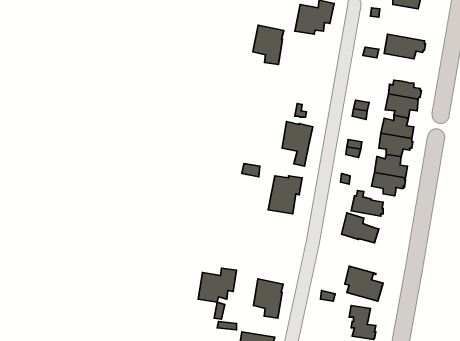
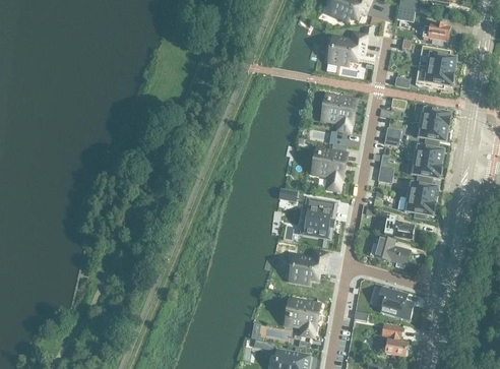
building: none -> [417,44,454,70]
building: [253,25,284,65] -> [324,94,354,131]
building: [198,268,236,302] -> [290,250,326,283]

